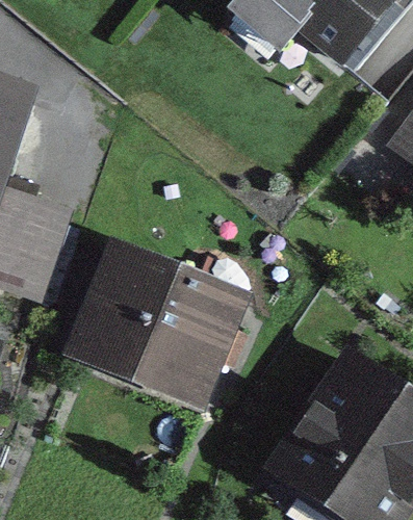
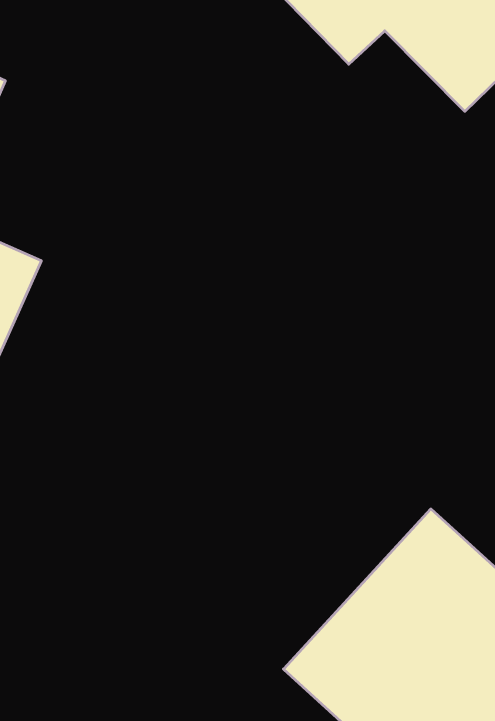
building: [89,253,247,392] -> none

